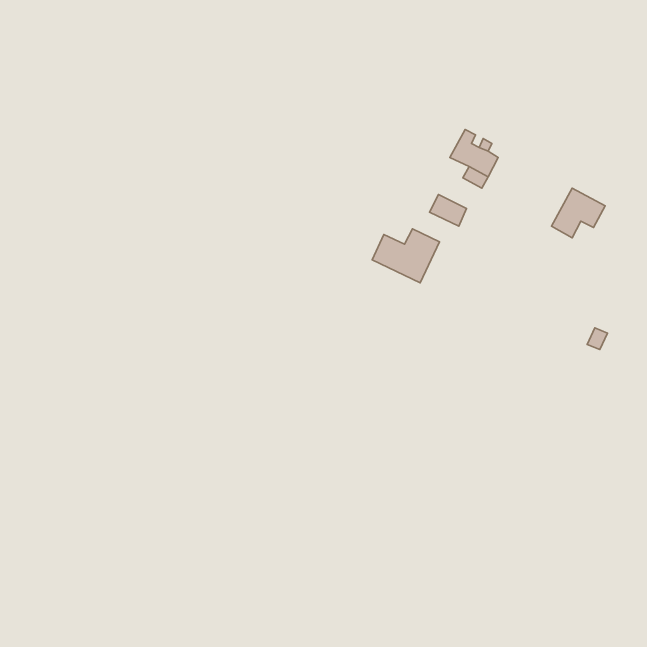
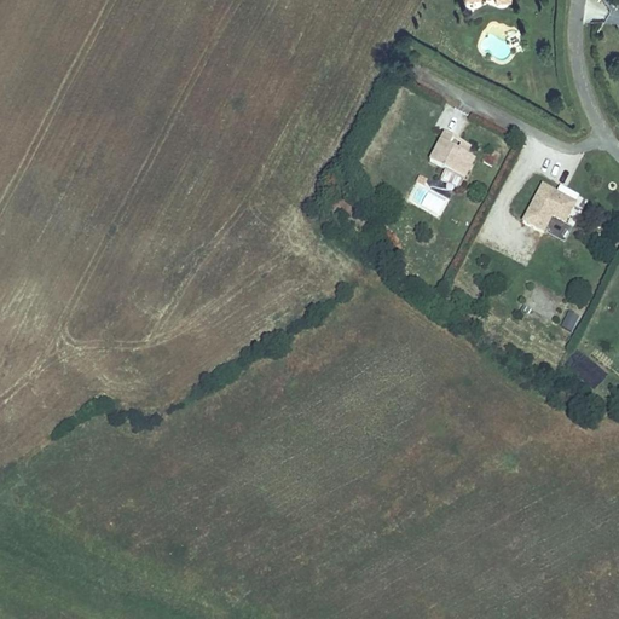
building: [372,229,439,283] -> none

